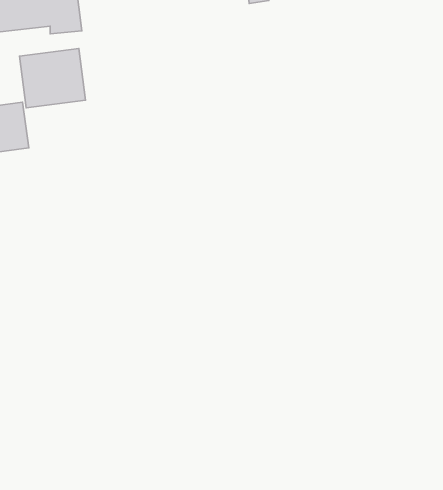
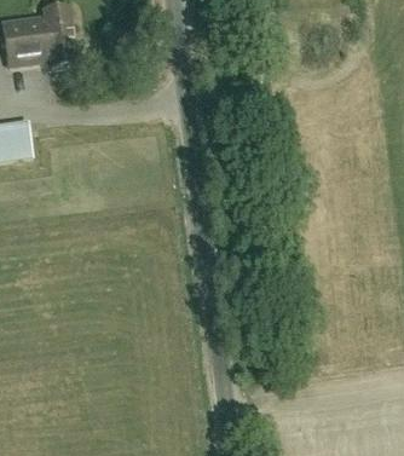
building: [20,49,85,108] -> none

